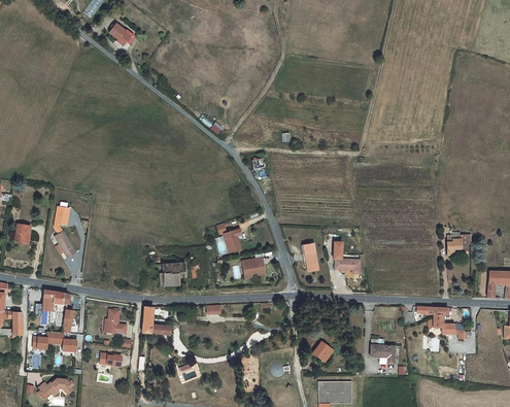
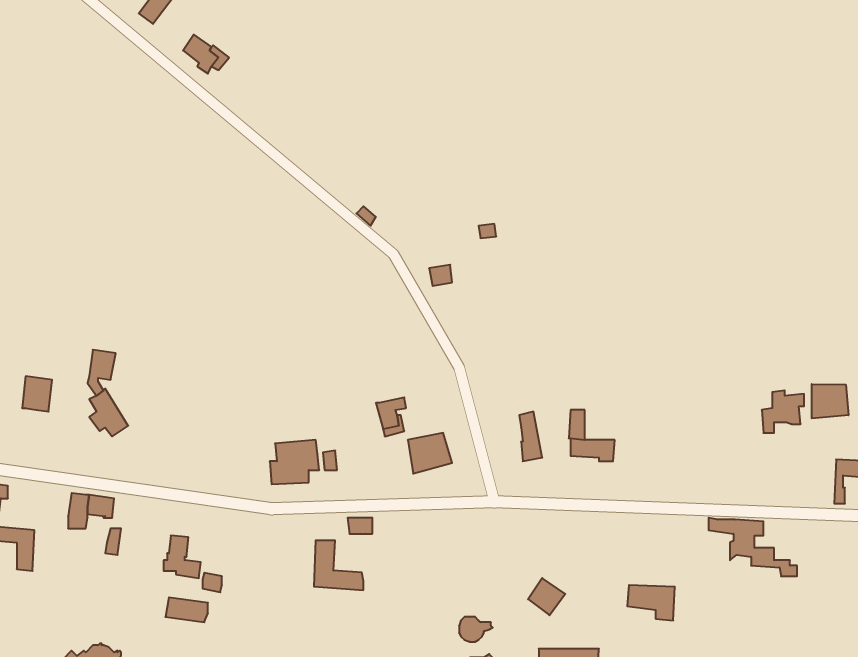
building: none -> [812,384,848,418]
building: [144,305,173,334] -> [314,540,363,590]
building: [33,332,77,351] -> none

